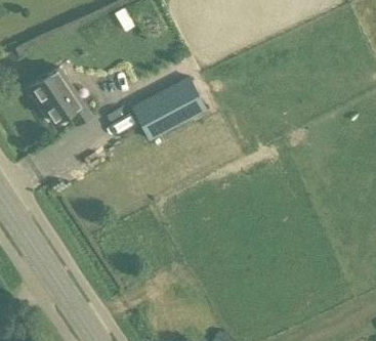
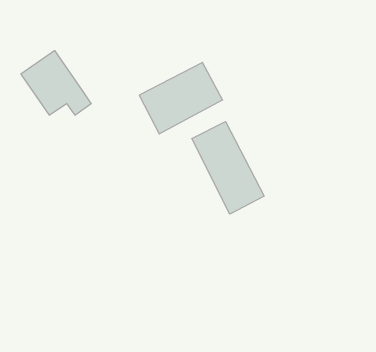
building: none -> [192,122,264,214]

